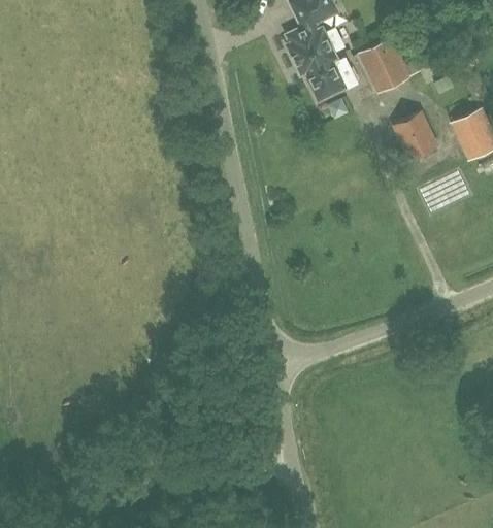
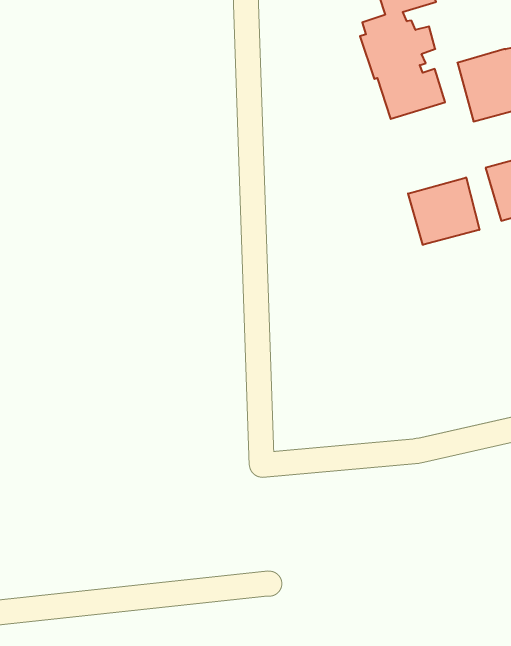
building: none -> [408,177,479,245]

